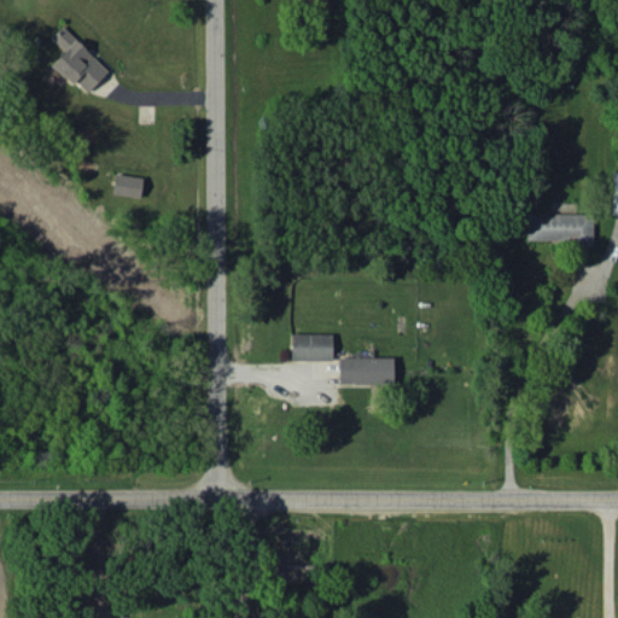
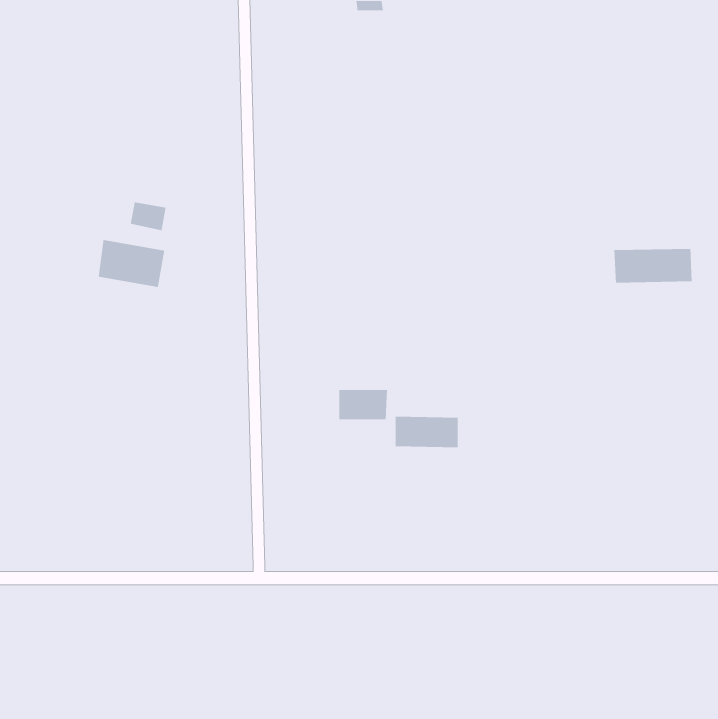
building: [53,27,110,95] -> none
building: none -> [98,239,165,288]

